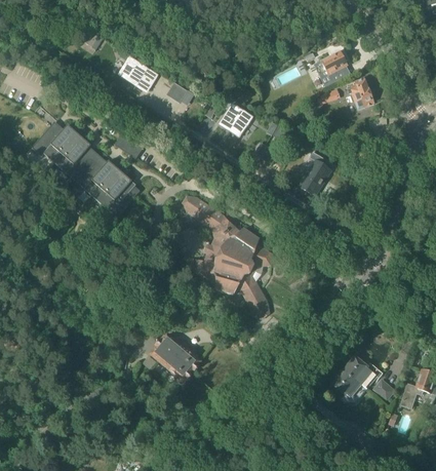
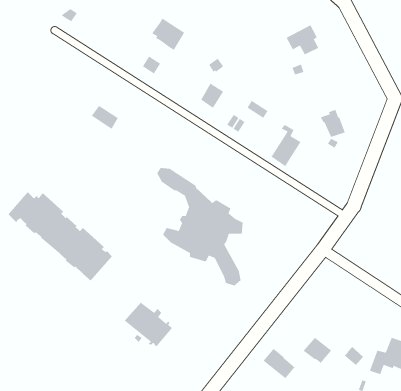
building: [123,58,158,92] -> [151,18,185,51]
building: [347,78,373,108] -> [320,109,346,138]
building: [32,123,140,215] -> [7,191,113,281]
building: [344,356,378,388] -> [262,348,296,379]

